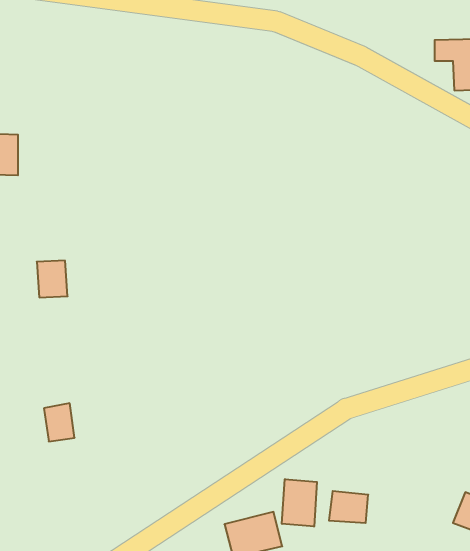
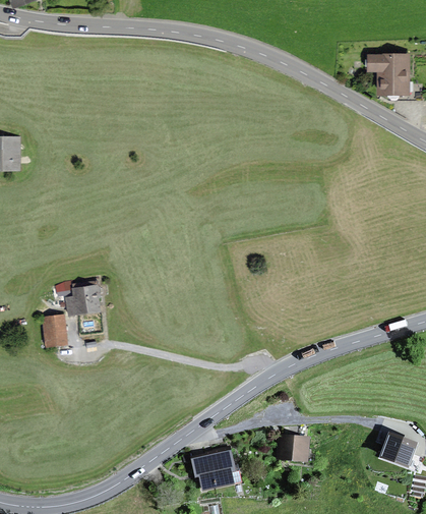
building: [37,261,68,297] -> [74,284,100,315]
building: [44,403,75,441] -> [41,311,66,343]
building: [282,479,317,527] -> none

